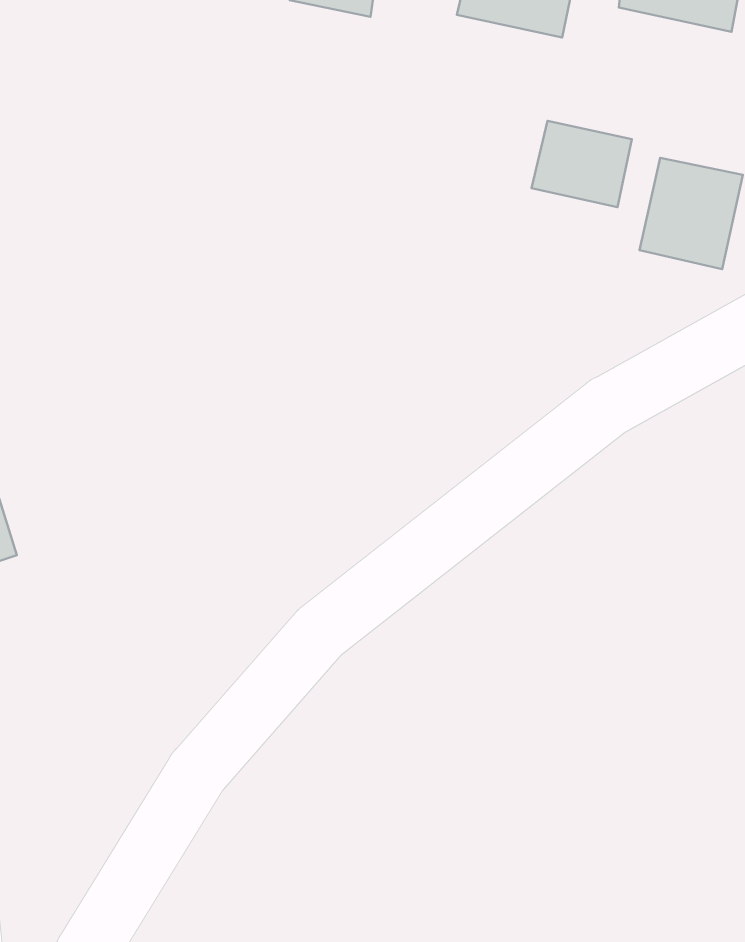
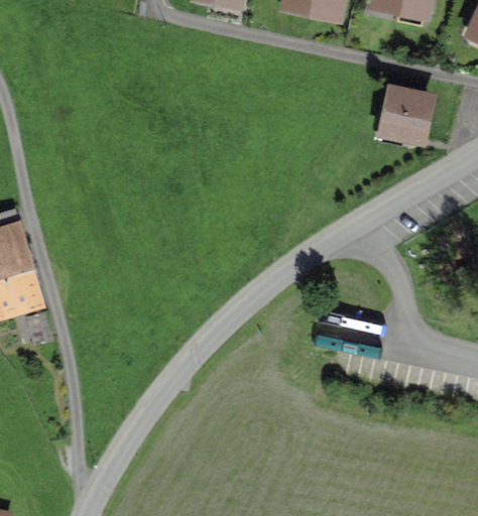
building: [532,121,632,207] -> none

